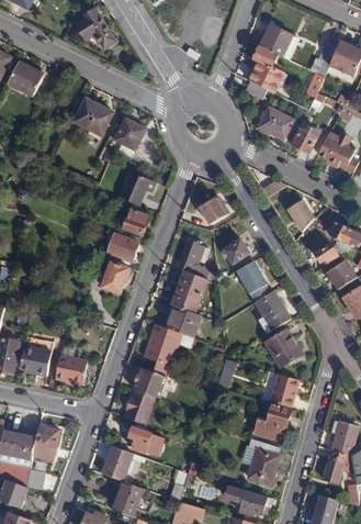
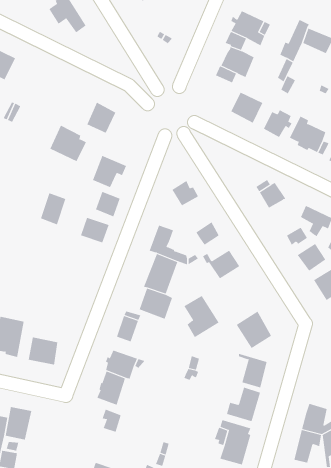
building: [74,98,111,135] -> [50,125,87,162]
building: [102,260,128,293] -> [40,192,66,225]
building: [255,290,291,333] -> [184,295,220,338]
building: [102,445,133,481] -> none

